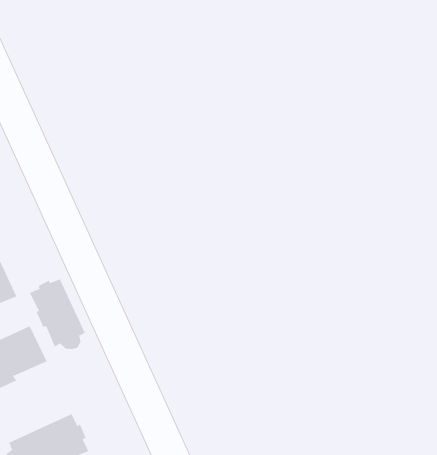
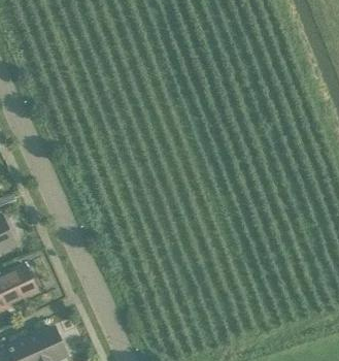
building: [29,278,85,350] -> none

